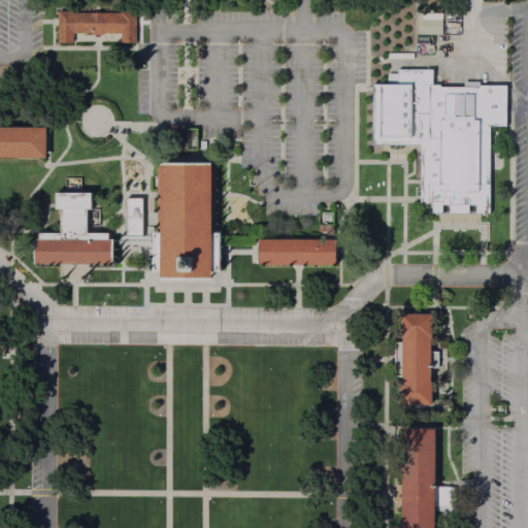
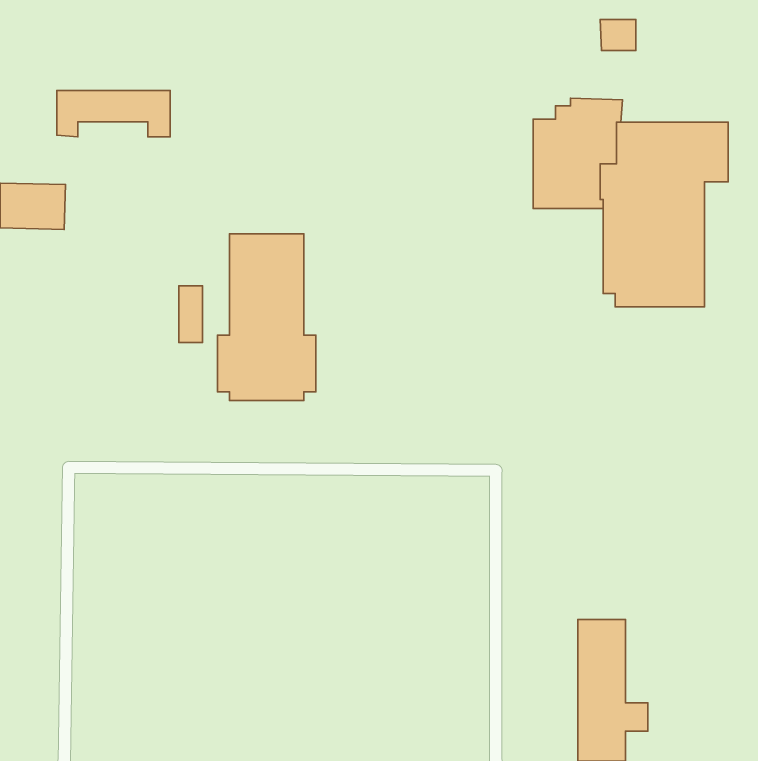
building: [59,11,137,43] -> [57,91,170,137]
building: [34,193,114,265] -> none
building: [260,239,336,266] -> none
building: [395,314,439,405] -> none

